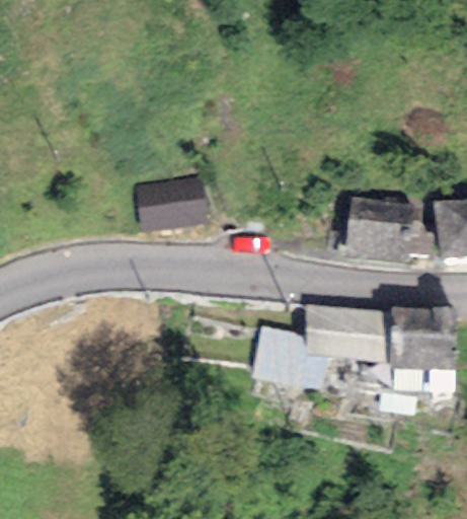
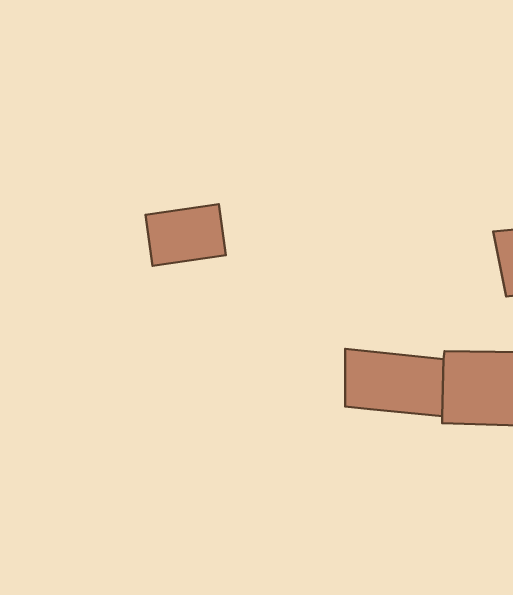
building: [344,198,414,264] -> none
building: [251,325,328,387] -> none

